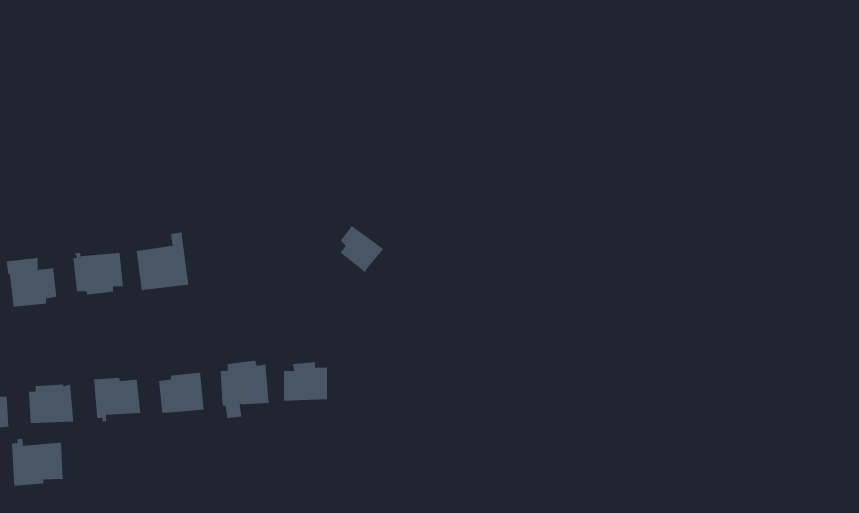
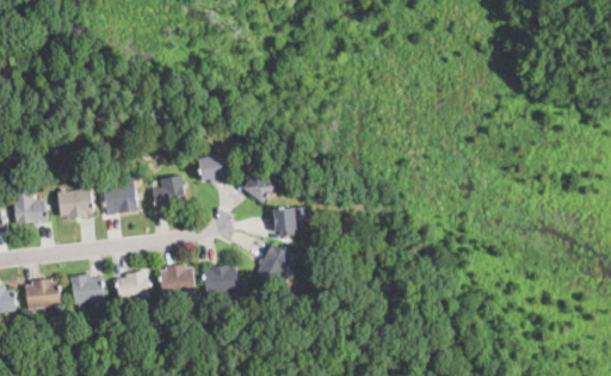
building: none -> [197,154,229,181]
building: none -> [149,175,186,210]
building: none -> [273,207,296,236]
building: none -> [257,244,298,285]
building: [12,438,63,486] -> none

